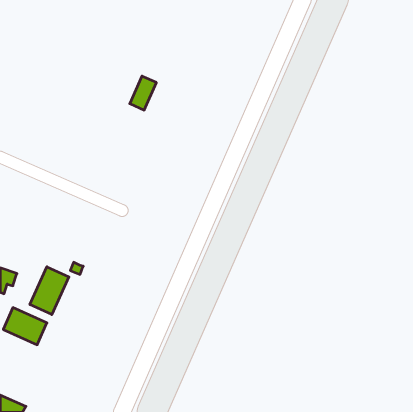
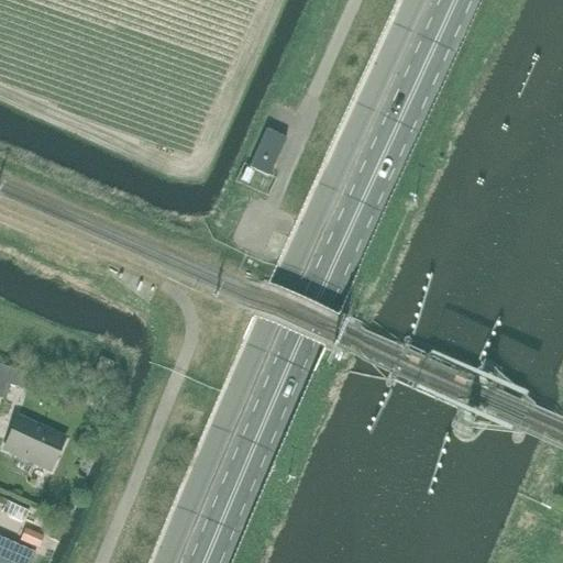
building: [130,76,156,110] -> [250,128,286,174]
building: [30,267,69,315] -> none

